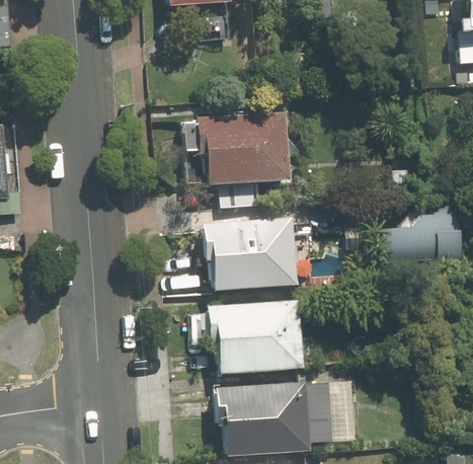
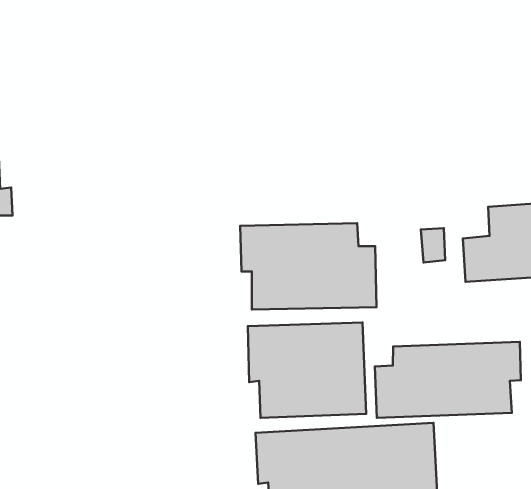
building: [179,106,292,185] -> none
building: none -> [375,342,521,418]

